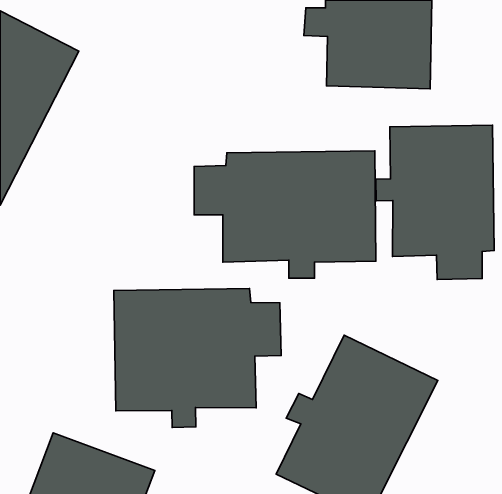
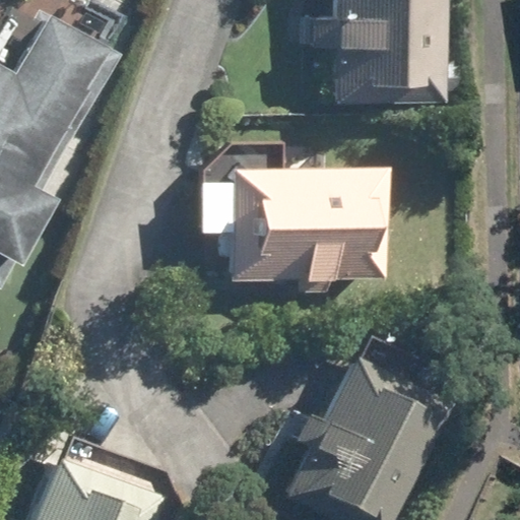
building: [376,125,494,280] -> none
building: [114,289,281,428] -> none

